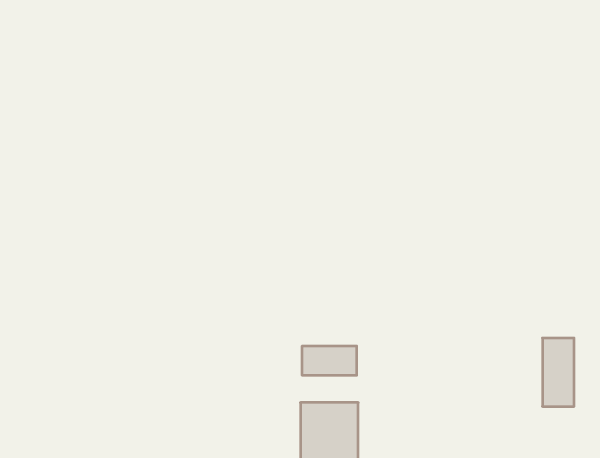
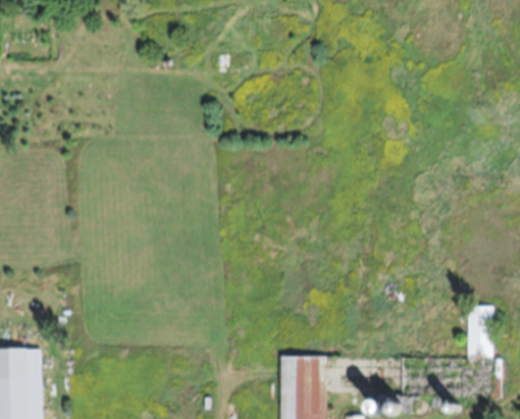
building: [302,346,357,375] -> none

